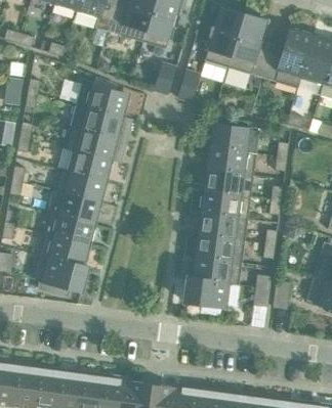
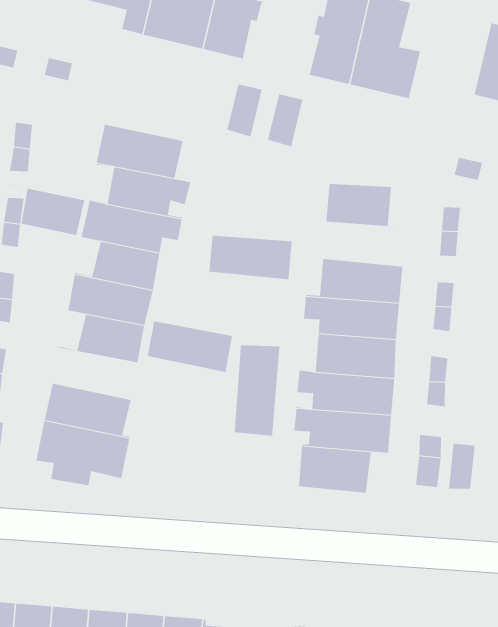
building: [262,29,313,88] -> none
building: none -> [10,185,85,236]
building: [206,147,256,176] -> [209,235,292,280]
building: none -> [234,323,282,436]
building: [43,213,94,245] -> [147,321,233,373]

